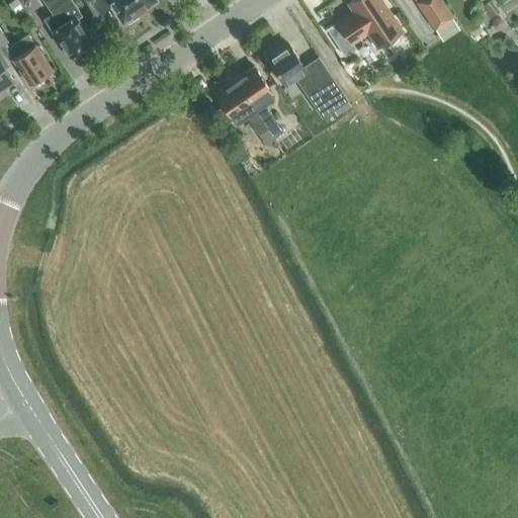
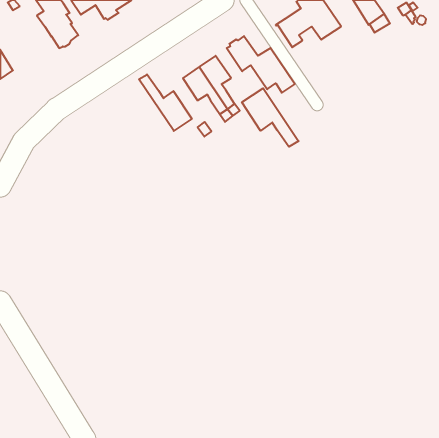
building: [7,33,52,85] -> none
building: none -> [139,74,192,131]
building: none -> [242,88,299,147]

